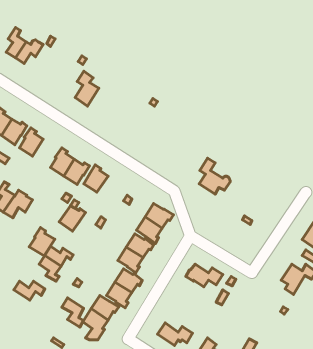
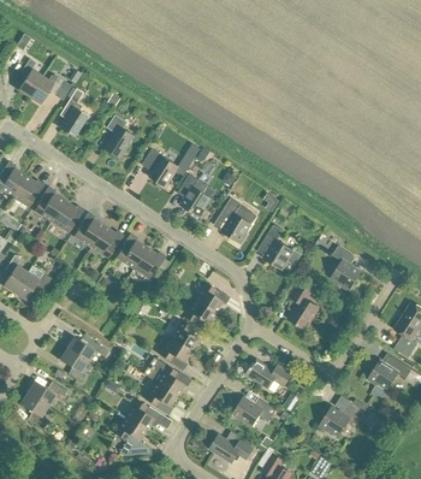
building: none -> [60,88,87,136]
building: none -> [143,148,177,185]
building: none -> [177,173,210,217]
building: none -> [221,197,251,243]
building: none -> [51,200,84,232]
building: none -> [331,246,362,290]
building: none -> [289,284,318,327]
building: [59,206,86,231] -> [132,247,166,279]
building: [29,228,55,256] -> none
building: none -> [232,396,275,425]
building: none -> [319,401,366,436]
building: [62,298,84,327] -> [19,391,47,428]

